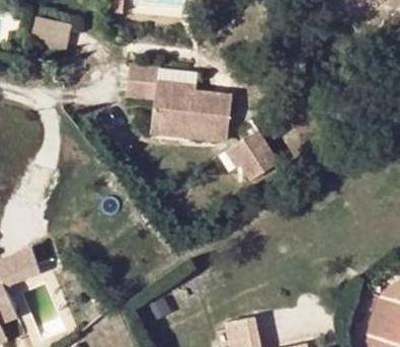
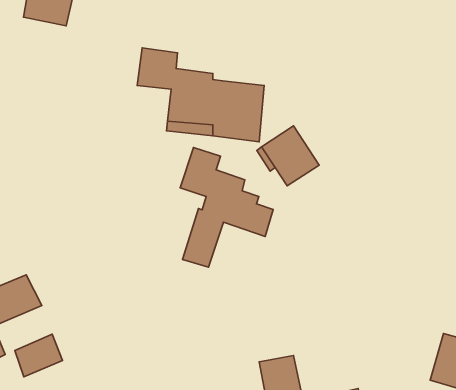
building: none -> [180,148,273,267]
building: none -> [15,334,63,377]

